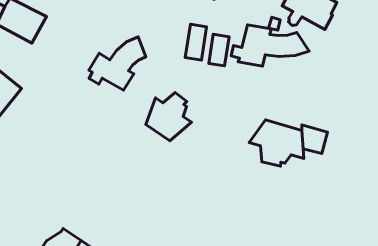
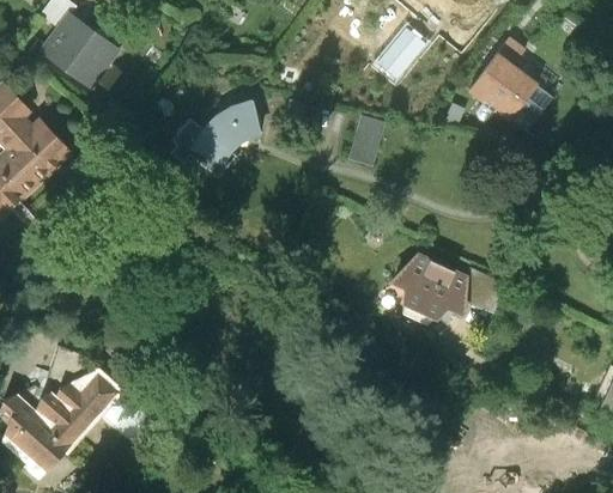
building: [185,24,207,60] -> none
building: [231,25,309,66] -> none
building: [146,93,192,141] -> none

